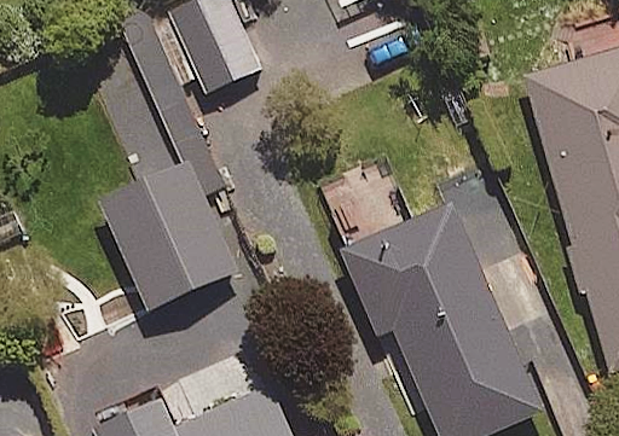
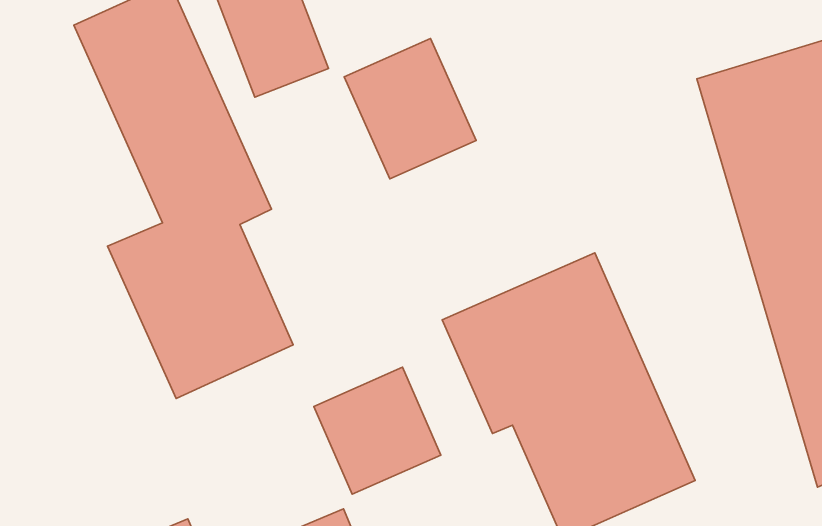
building: none -> [344,39,476,179]
building: none -> [314,367,441,494]

